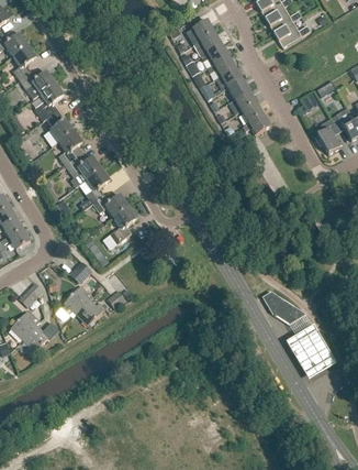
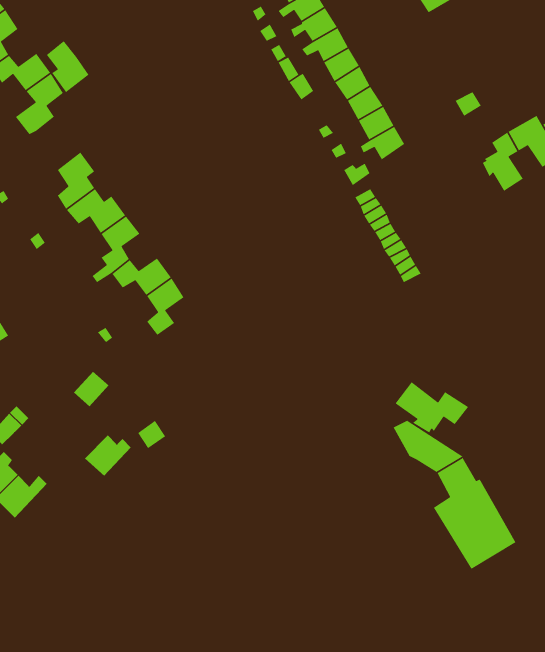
building: [47,108,74,140] -> [46,40,90,93]
building: none -> [394,381,469,434]
building: [60,284,90,314] -> none

